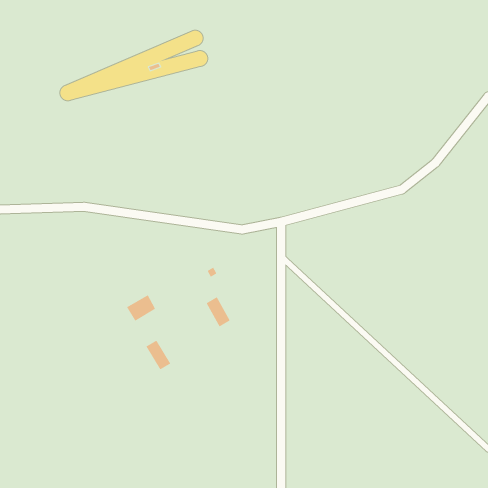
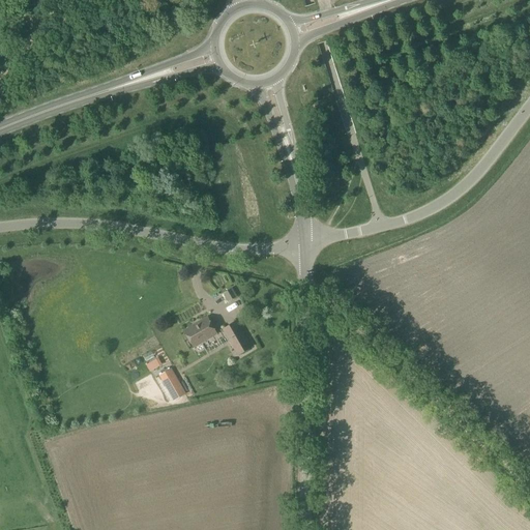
building: [126,295,156,321] -> [183,317,215,346]

